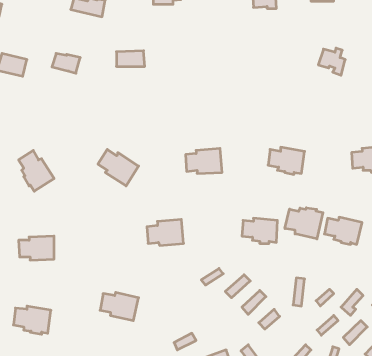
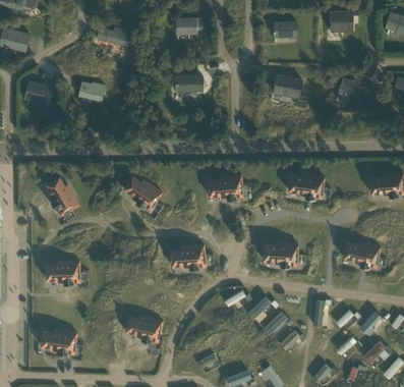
building: none -> [272,74,306,108]
building: [116,51,145,66] -> [175,75,203,91]
building: [285,208,323,239] -> none

